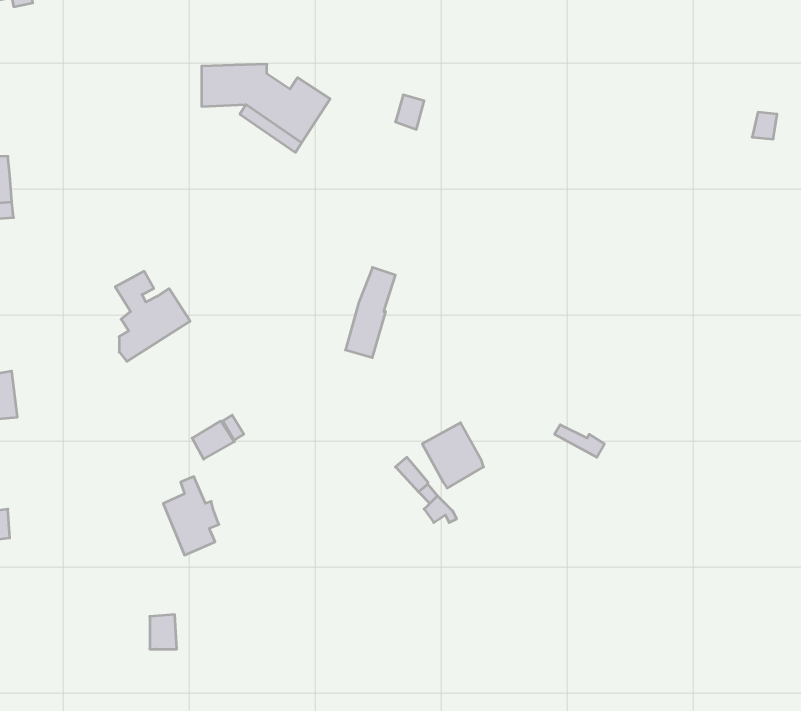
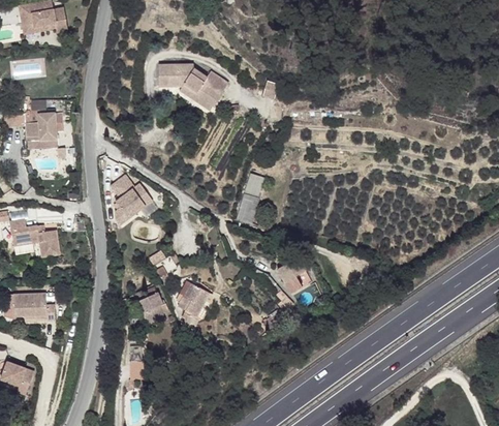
building: none -> [175,280,212,329]

